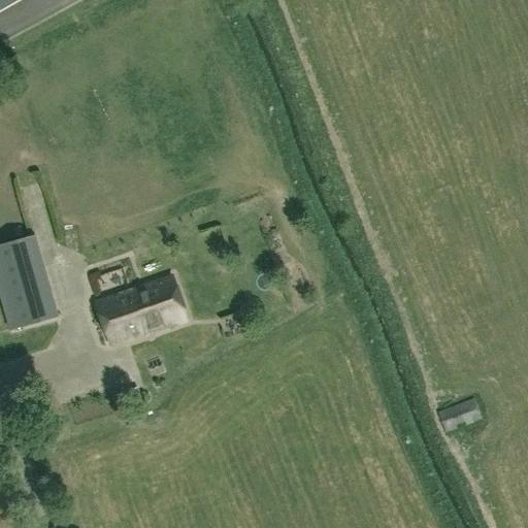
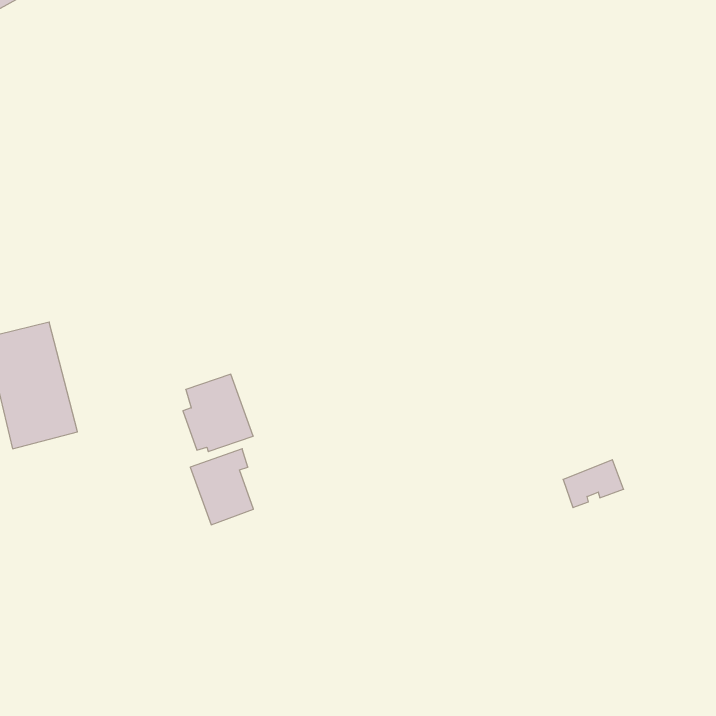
building: [98,286,144,341] -> [190,449,253,525]
building: [436,396,481,431] -> [563,460,624,508]

